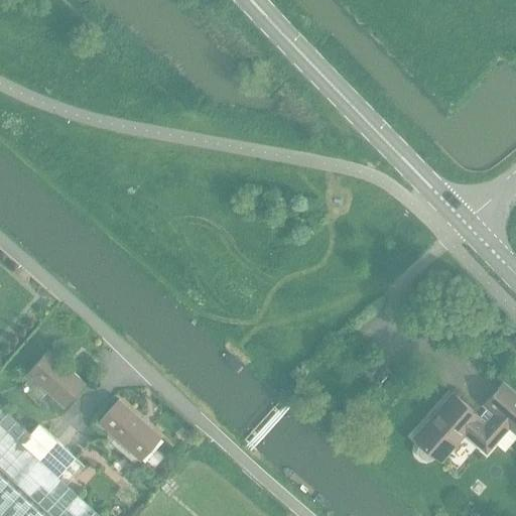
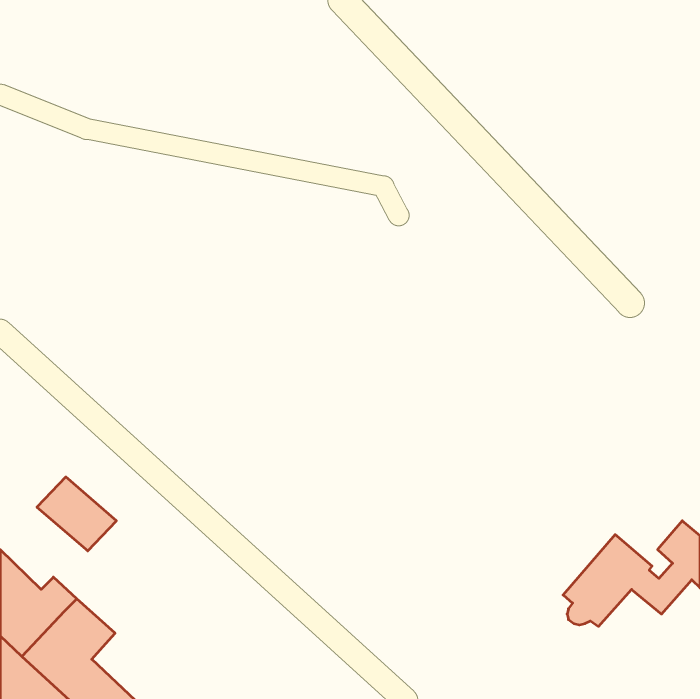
building: [99,401,160,461] -> none

